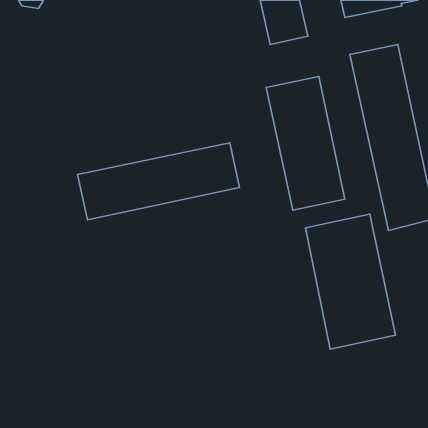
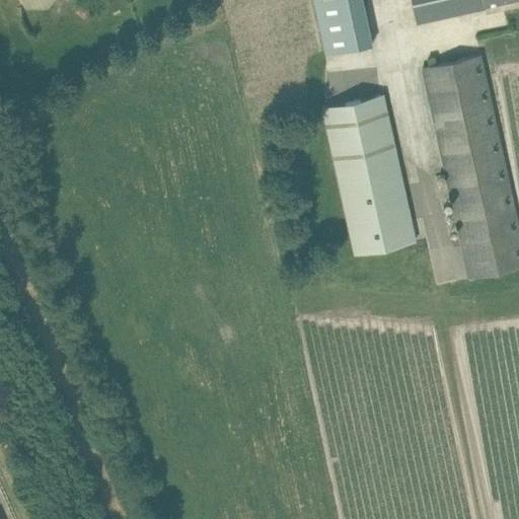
building: [77,143,239,220] -> none
building: [306,214,395,349] -> none

